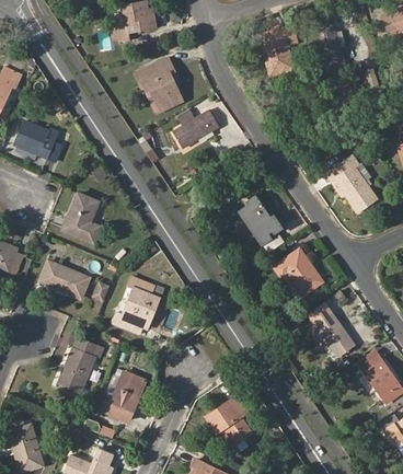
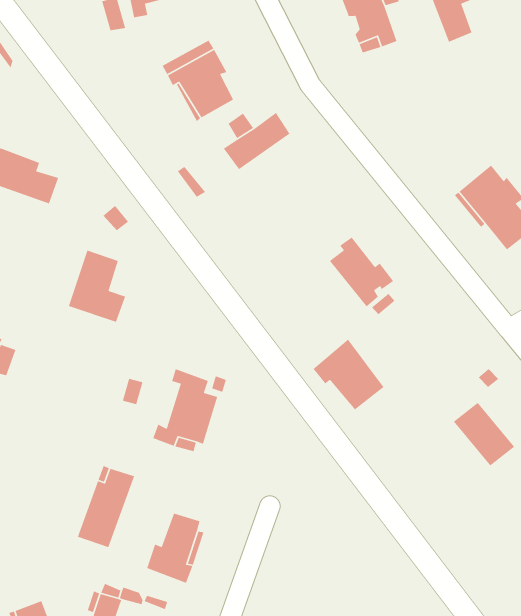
building: [275,247,322,296] -> [313,339,384,410]
building: [41,259,90,298] -> none
building: [206,395,253,443] -> none

